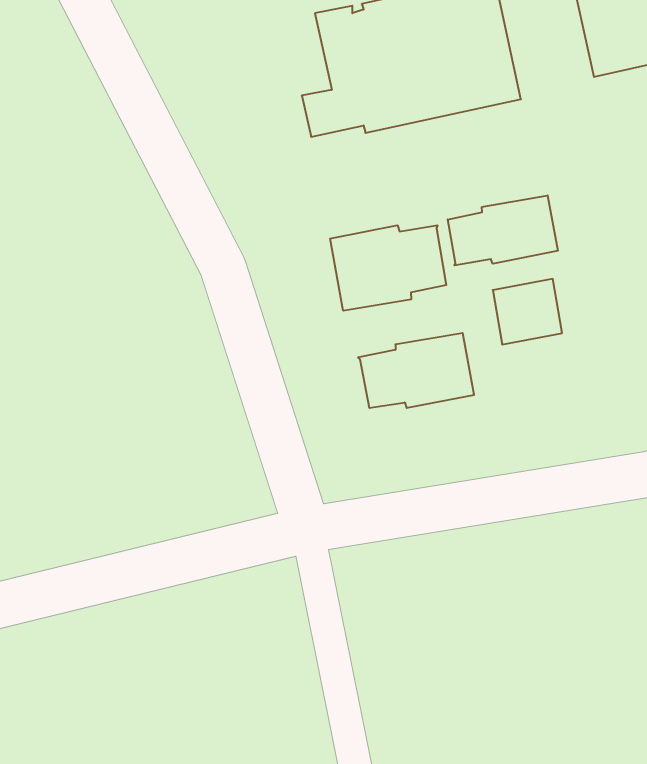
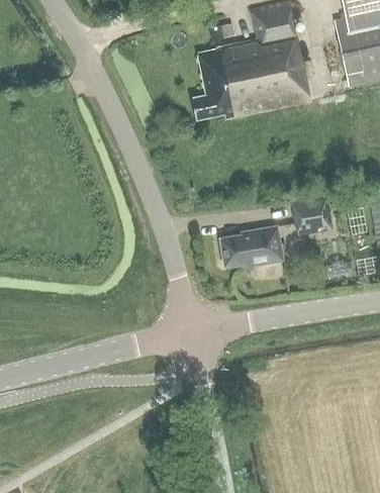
building: [448,195,558,265] -> none
building: [330,225,446,311] -> none

